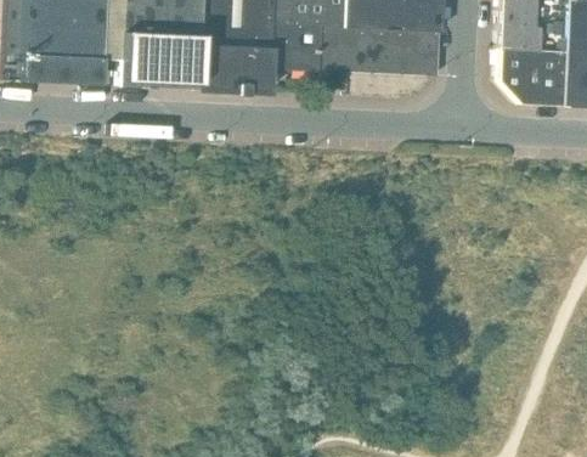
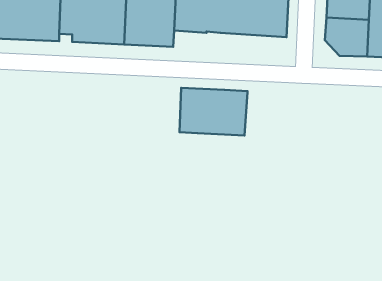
building: none -> [180,88,247,136]

